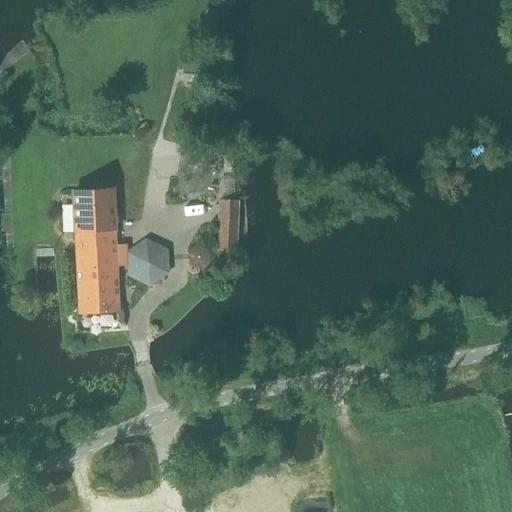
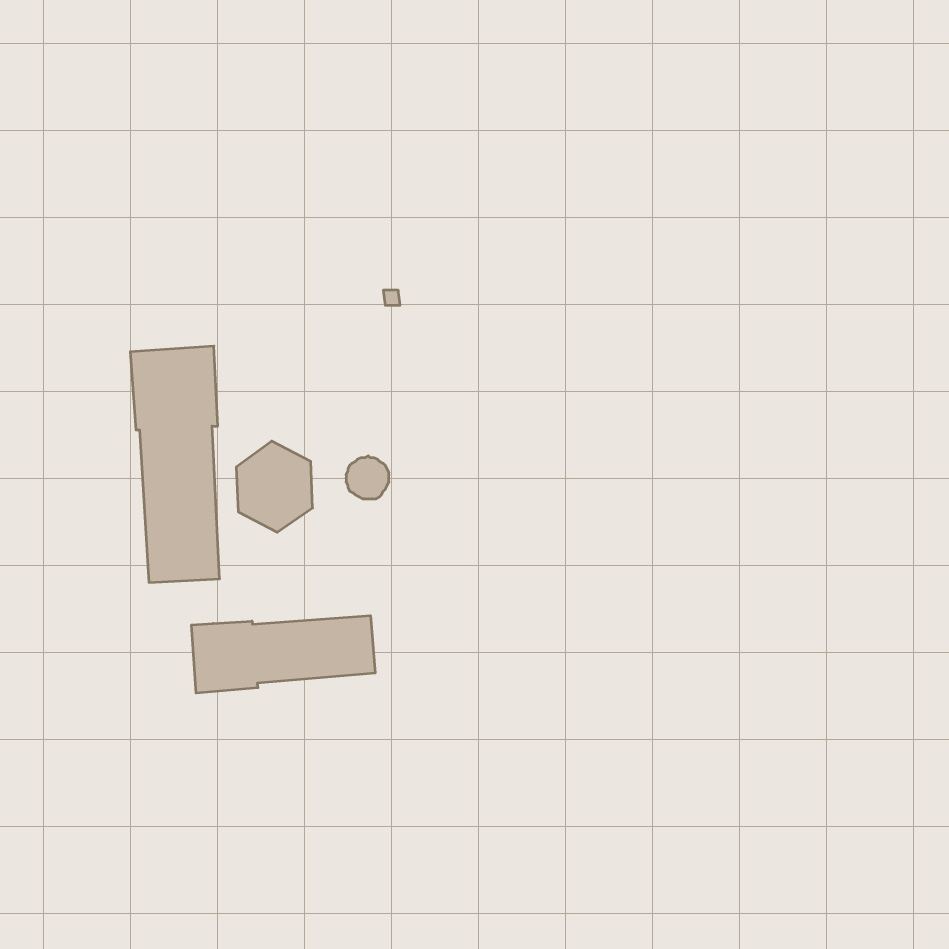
building: [217,198,240,253] -> none
building: none -> [192,616,375,693]

